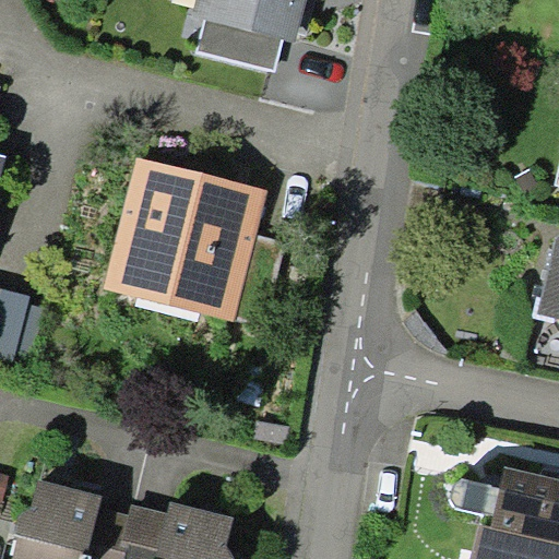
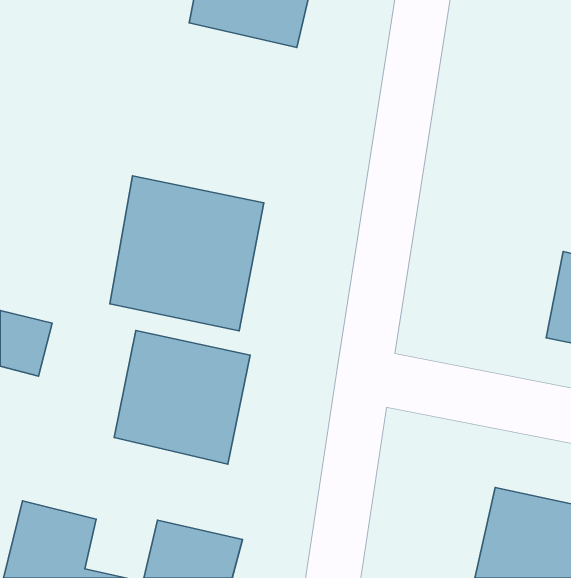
building: none -> [114,330,250,464]

